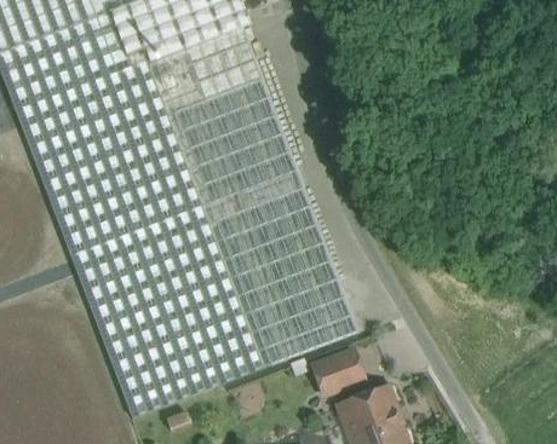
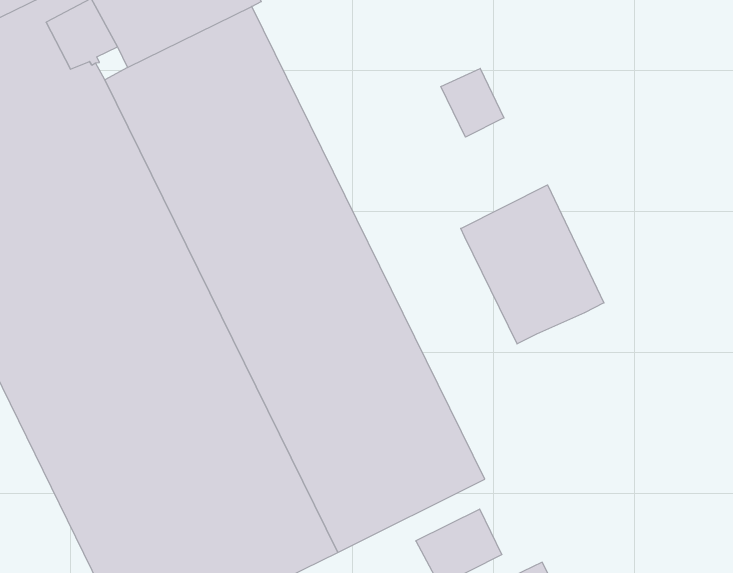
building: none -> [441,68,504,137]
building: none -> [461,185,604,344]

